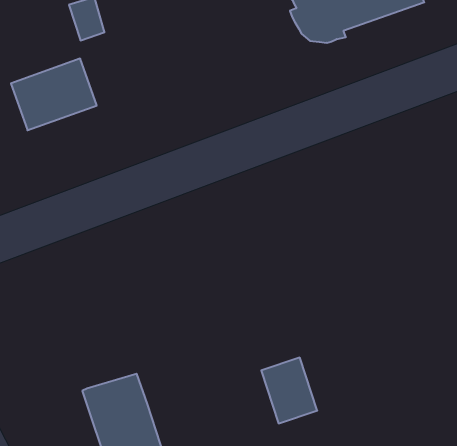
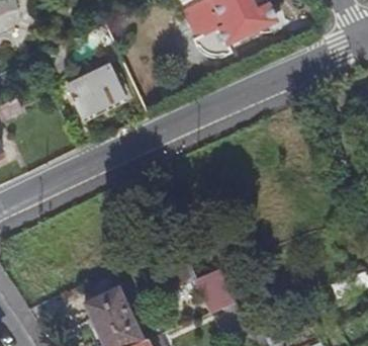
building: [11,59,97,130] -> [66,65,123,115]

